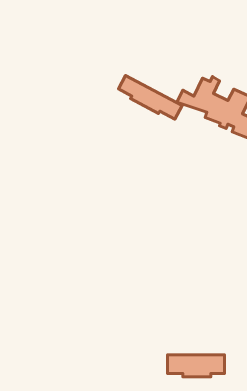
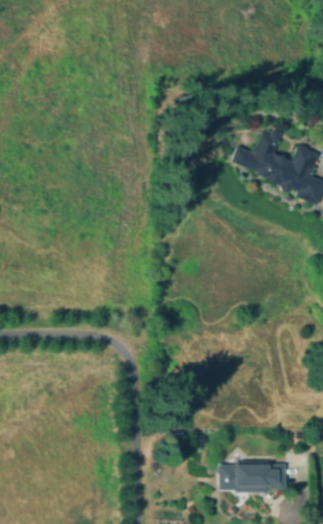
building: [118,75,182,119] -> none

